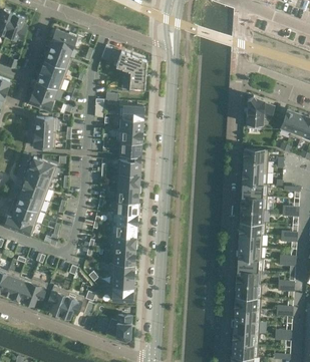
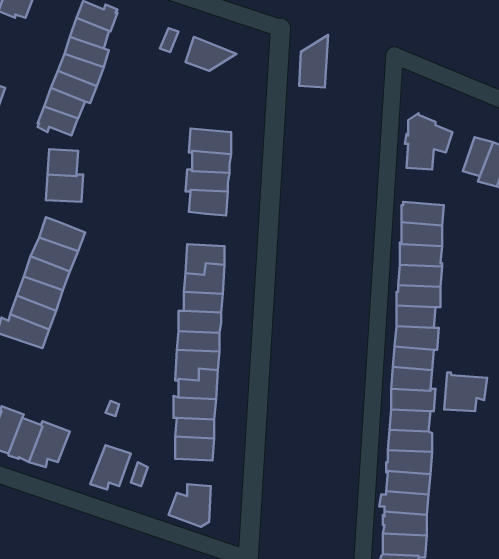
building: [128,61,145,92] -> [299,35,328,88]
building: [116,155,139,174] -> none
building: none -> [444,372,487,411]
building: [46,286,68,315] -> none

